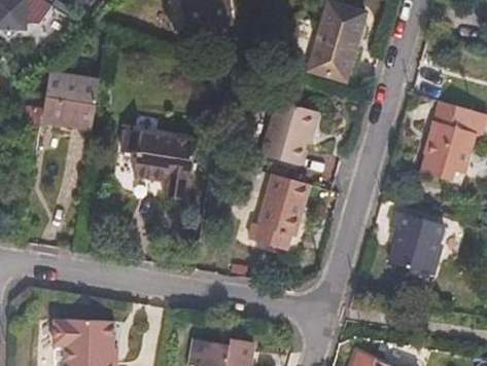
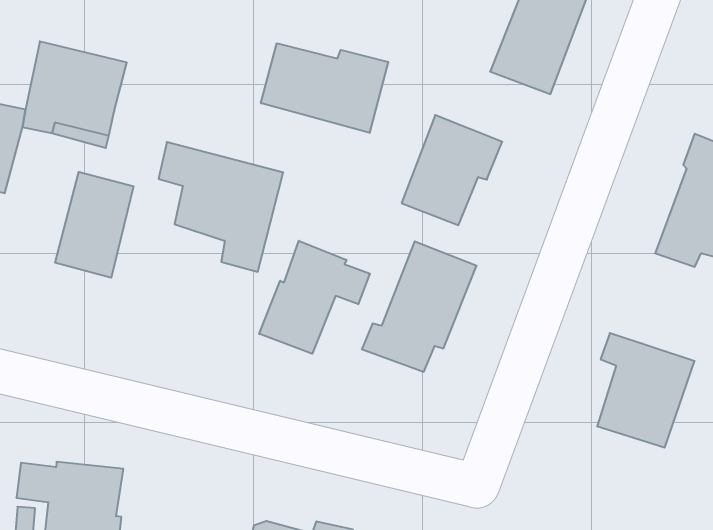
building: none -> [261,43,388,133]
building: none -> [55,172,134,278]
building: none -> [259,241,370,354]

